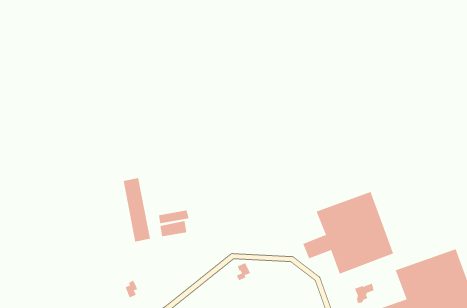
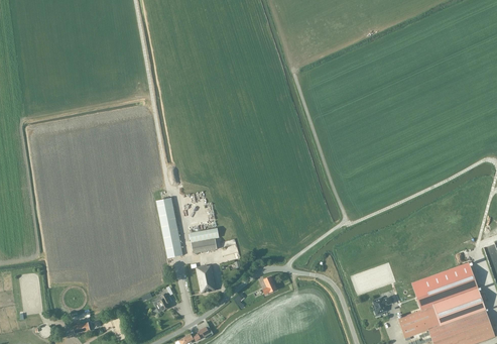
building: [303,191,394,275] -> none
building: none -> [191,263,217,293]

